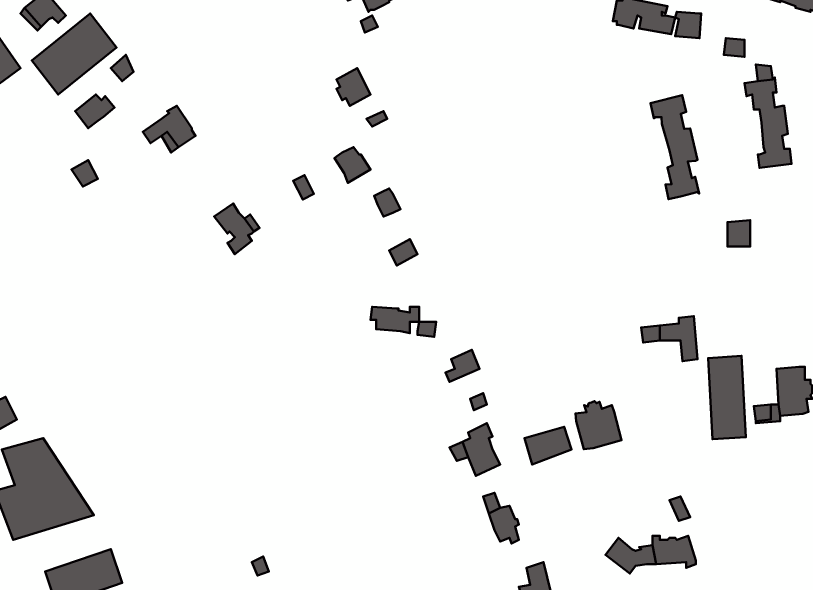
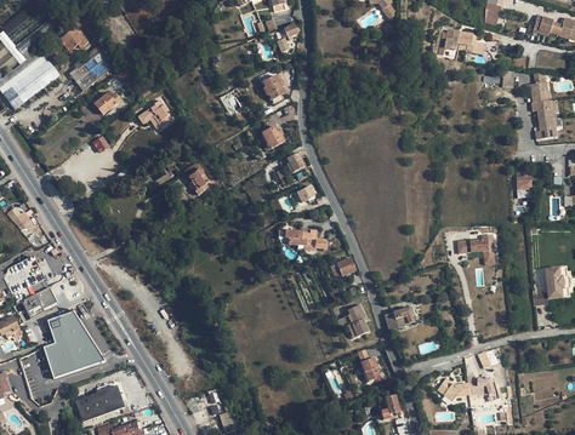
building: [650,95,699,199] -> none
building: [708,356,746,439] -> none
building: [575,401,622,449] -> none

